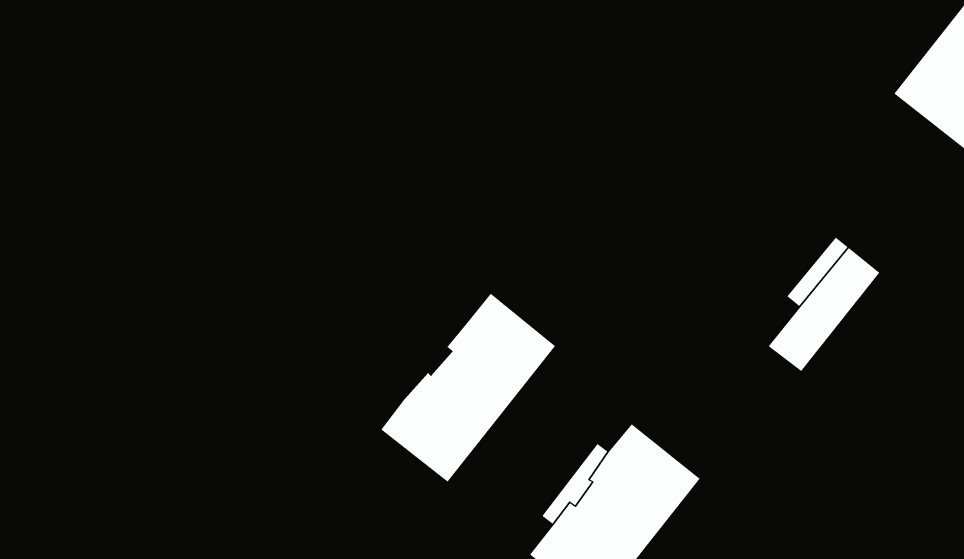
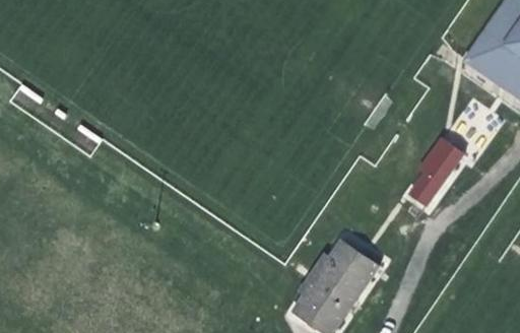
building: [381,293,556,482] -> none

